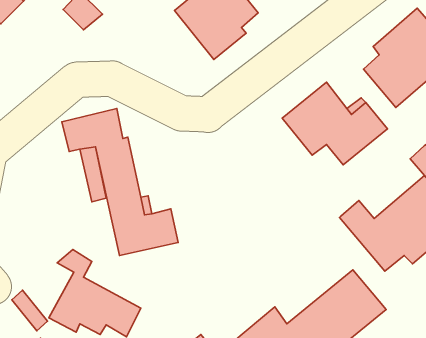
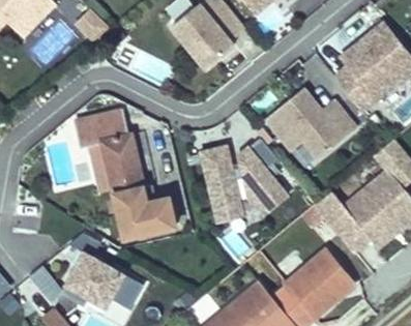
building: none -> [201,138,287,219]

